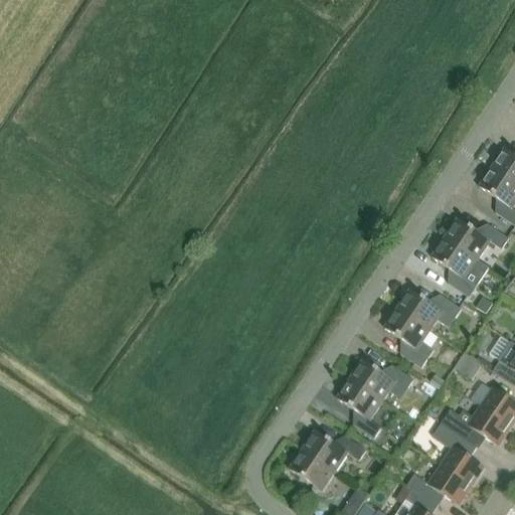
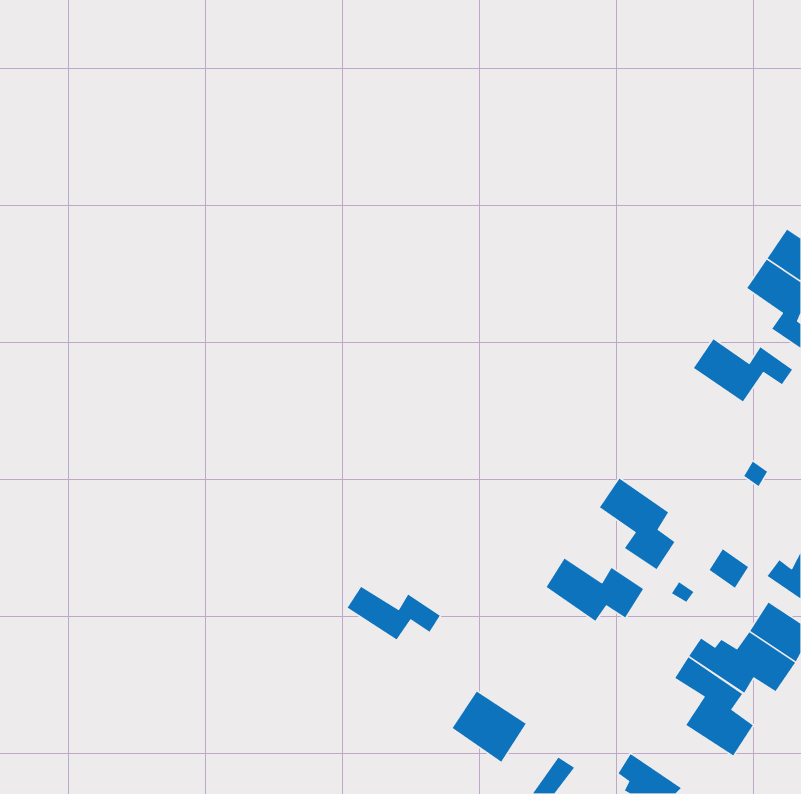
building: [432,236,489,296] -> none
building: [397,288,462,329] -> none
building: [337,377,382,437] -> none
building: [306,430,366,465] -> [347,586,441,641]
building: [406,466,471,506] -> none

